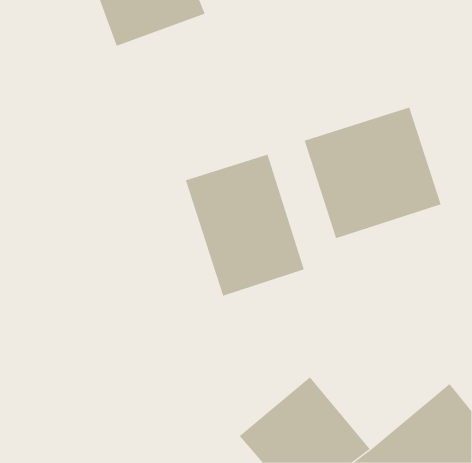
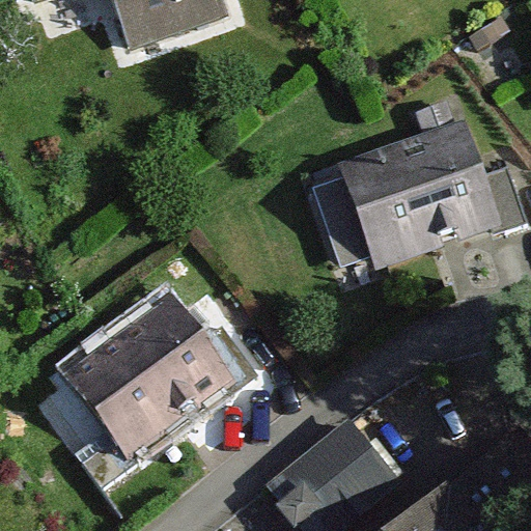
building: [185,154,305,297] -> none
building: none -> [56,288,236,460]

